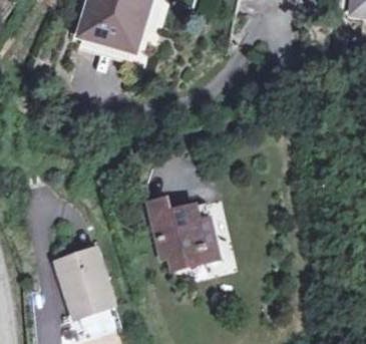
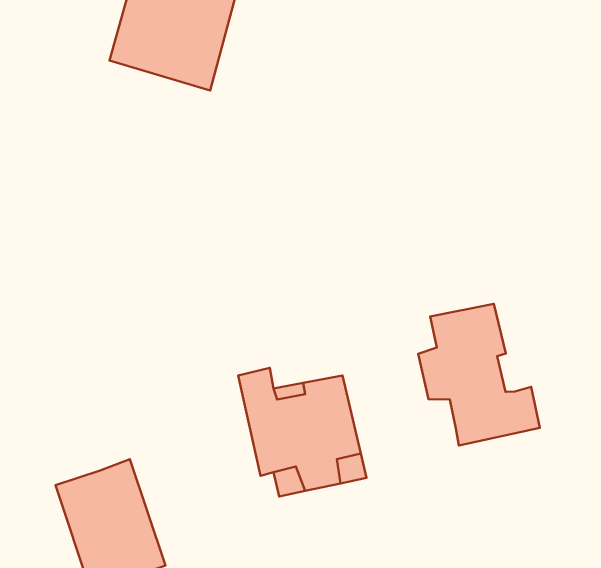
building: none -> [418,304,540,446]

